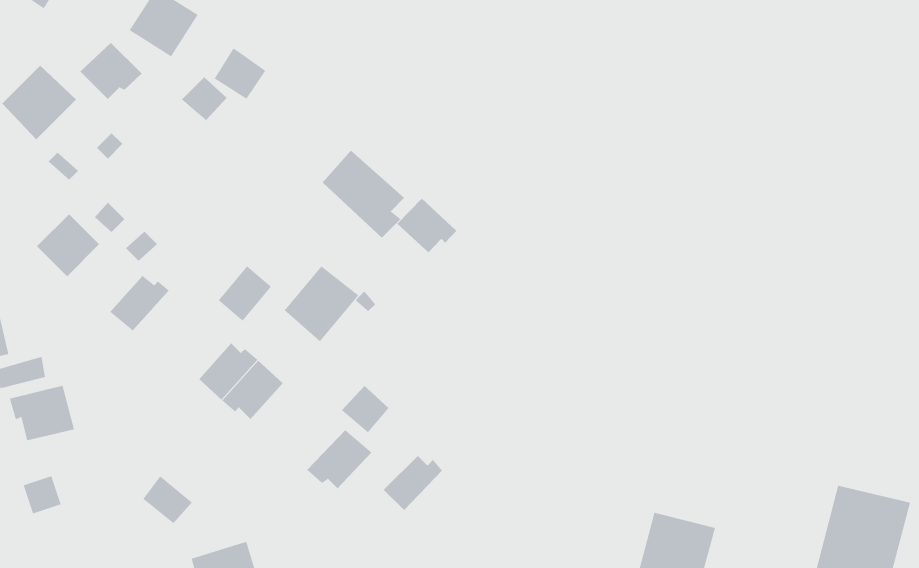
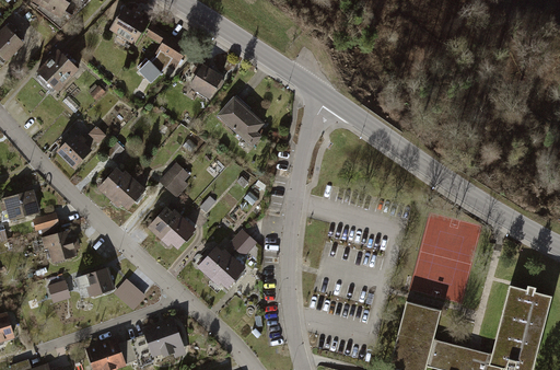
building: [80,42,142,100] -> none
building: none -> [188,63,224,99]
building: [397,198,457,253] -> none
building: [284,266,359,342] -> none
building: none -> [110,176,145,209]
building: none -> [74,267,115,297]
building: [383,455,443,511] -> [197,246,231,278]

